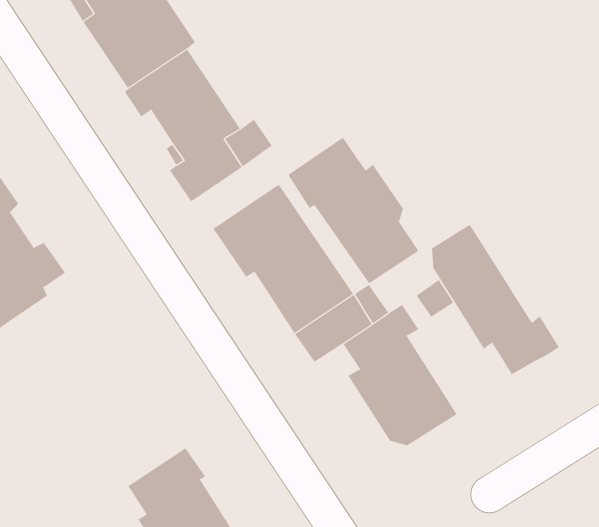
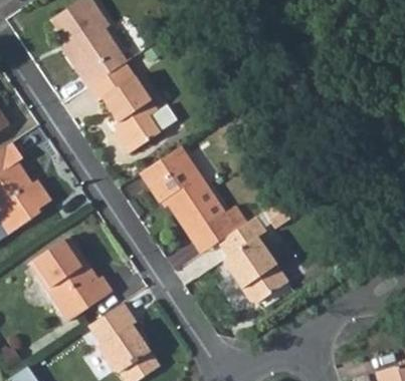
building: [287,137,419,284] -> none
building: [432,224,560,375] -> none
building: none -> [32,235,117,320]

